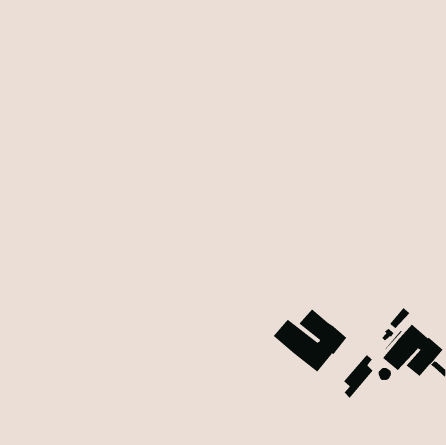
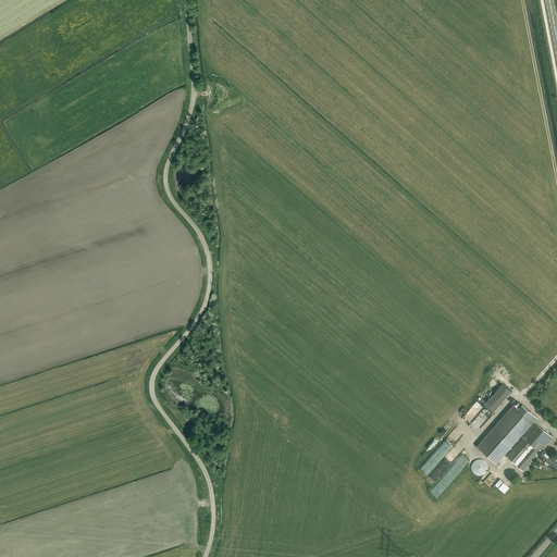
building: [273,309,347,373] -> none

